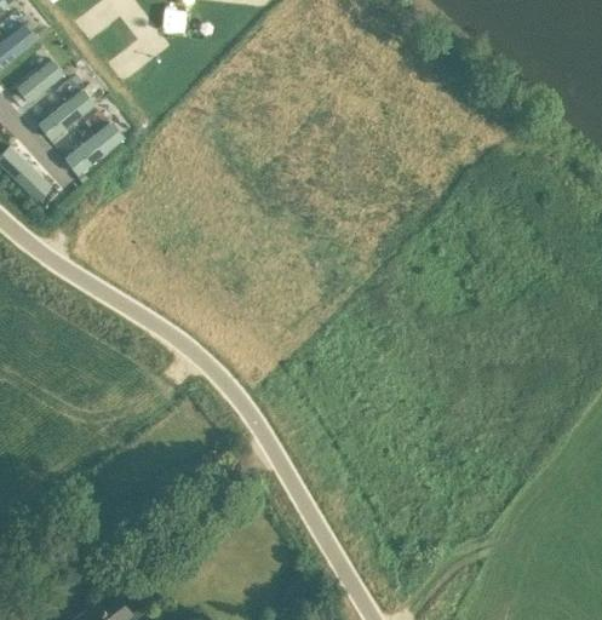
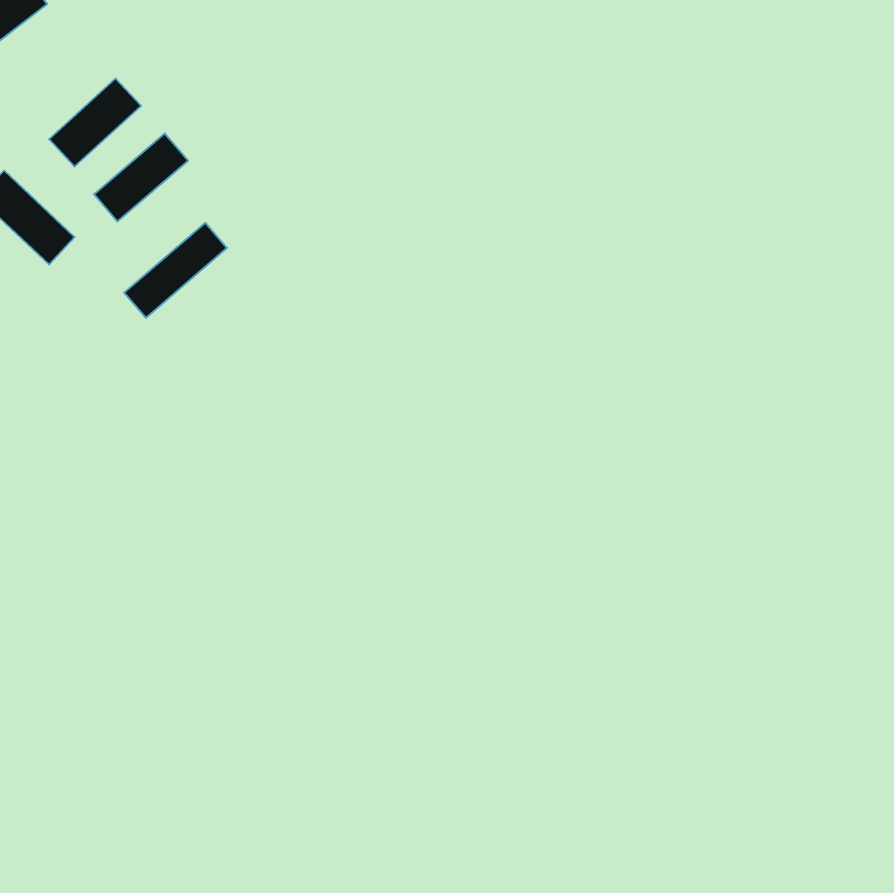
building: [15,59,63,103] -> none
building: none -> [124,223,227,318]

